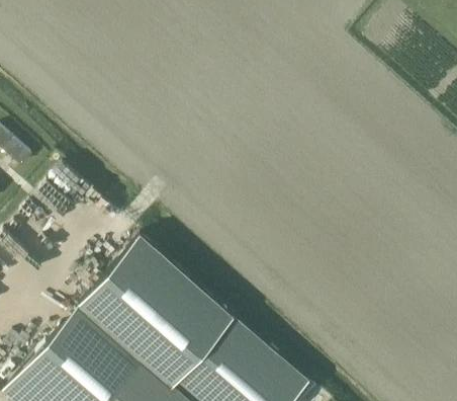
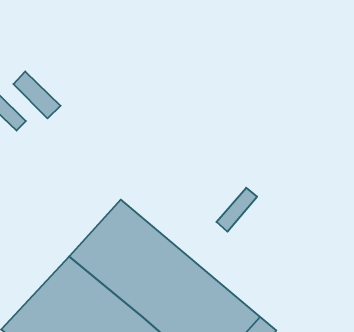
building: none -> [13,71,61,118]
building: none -> [216,188,257,232]

